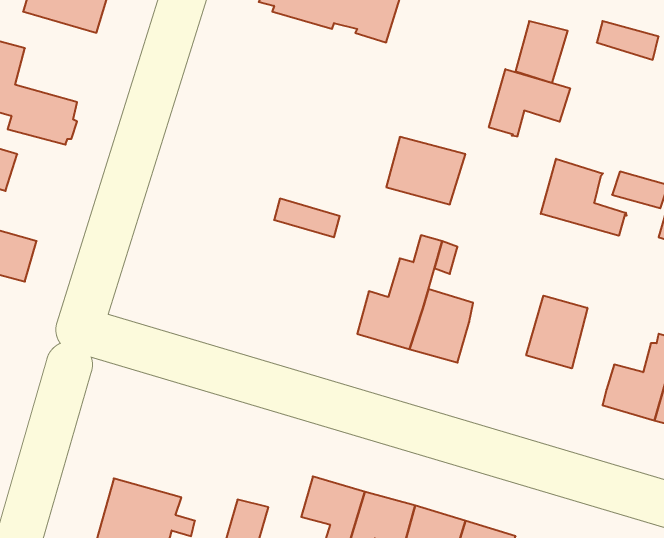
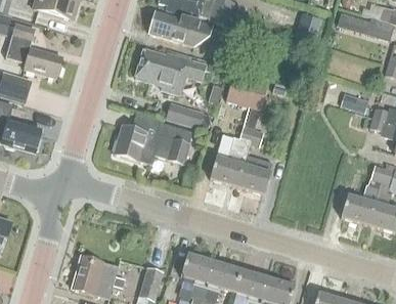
building: none -> [148,11,211,45]
building: [489,69,570,137] -> none
building: none -> [135,49,211,91]
building: [541,159,627,236] -> none
building: none -> [113,121,191,164]
building: [526,296,587,368] -> none

